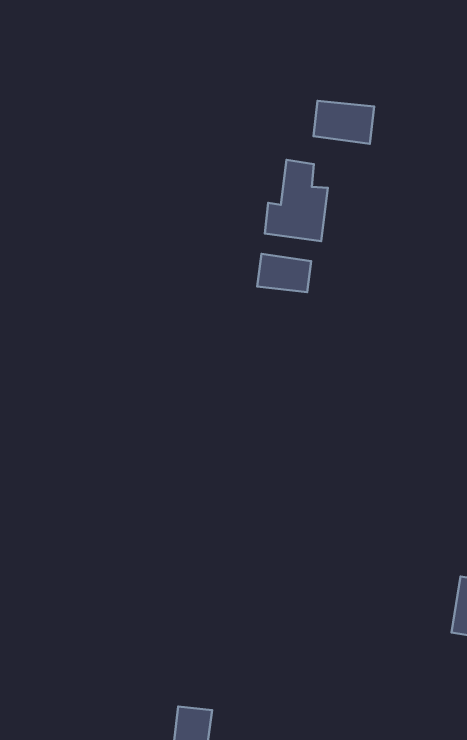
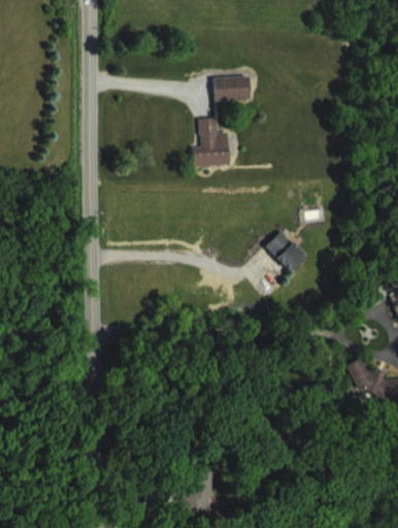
building: [257,254,311,292] -> none
building: none -> [265,231,305,271]

